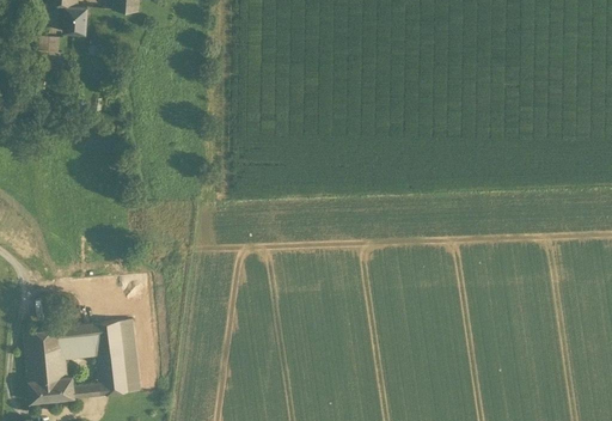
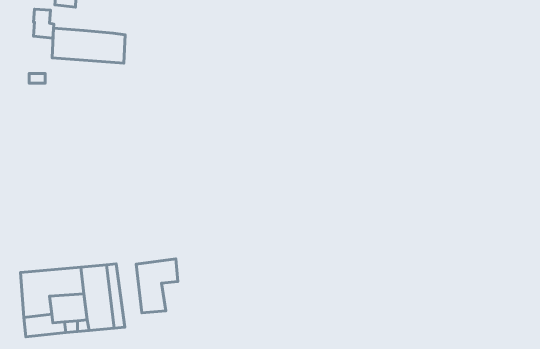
building: none -> [52,28,125,63]
building: none -> [136,259,178,313]

